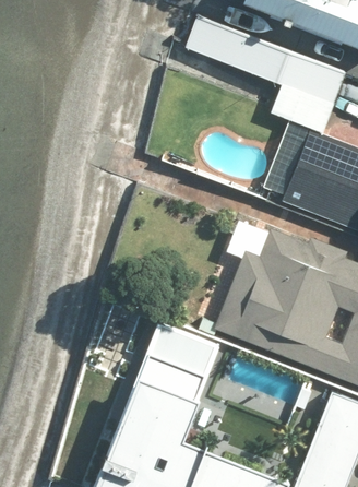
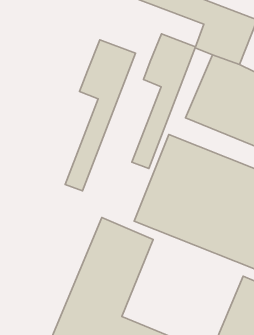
building: none -> [132,34,196,168]
building: none -> [65,40,136,191]

